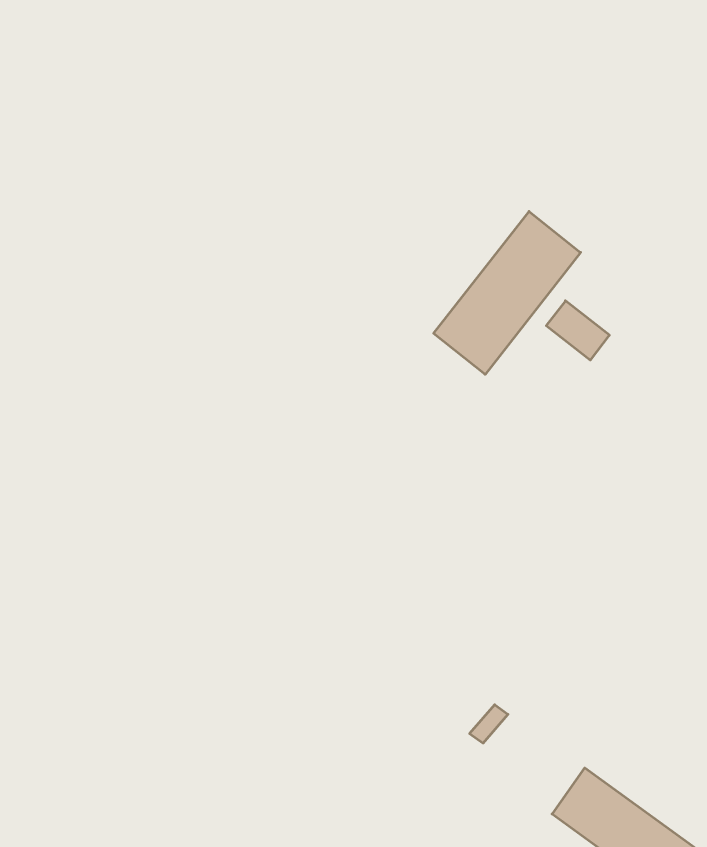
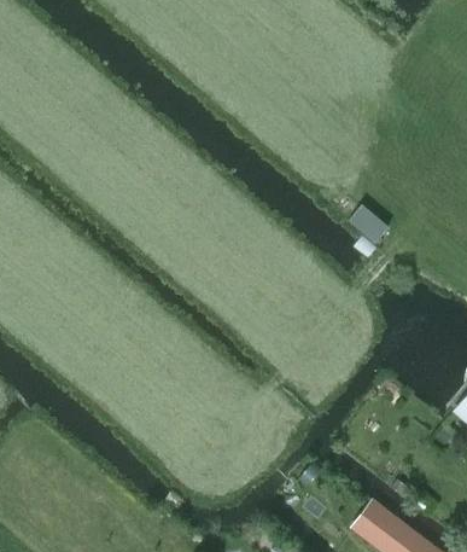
building: [434,211,581,374] -> none

